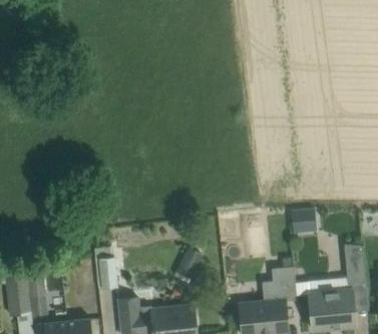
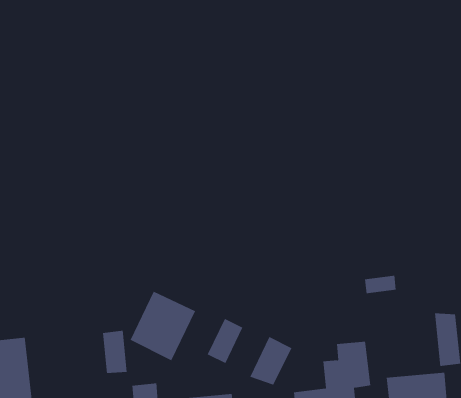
building: none -> [130,291,196,361]
building: none -> [249,336,292,386]

